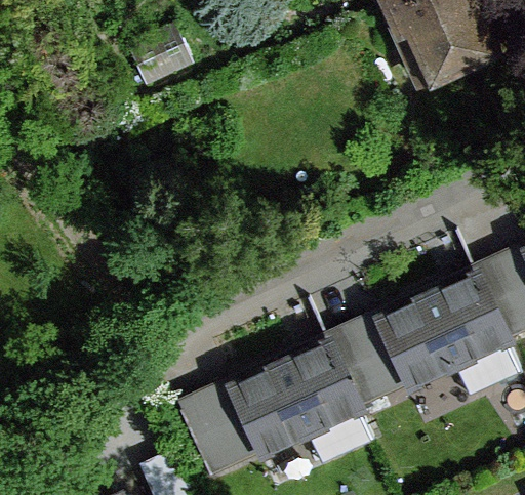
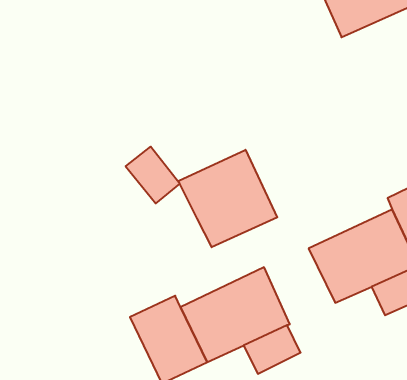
building: none -> [178,150,277,247]
building: [326,305,413,406] -> none

